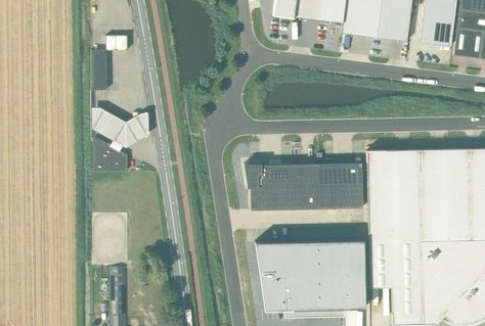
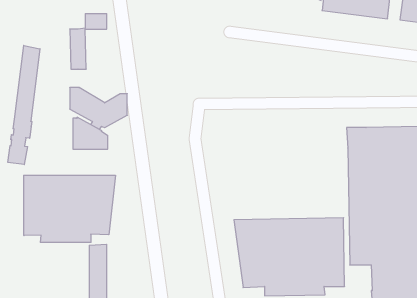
building: none -> [8,45,40,165]
building: [244,161,362,209] -> none
building: none -> [24,175,115,242]

